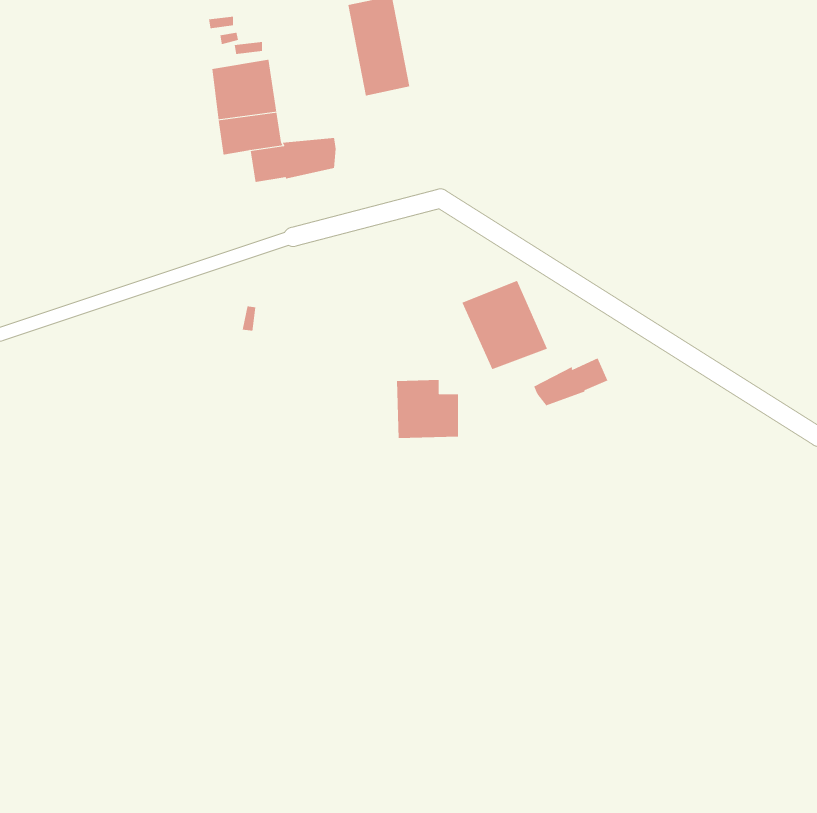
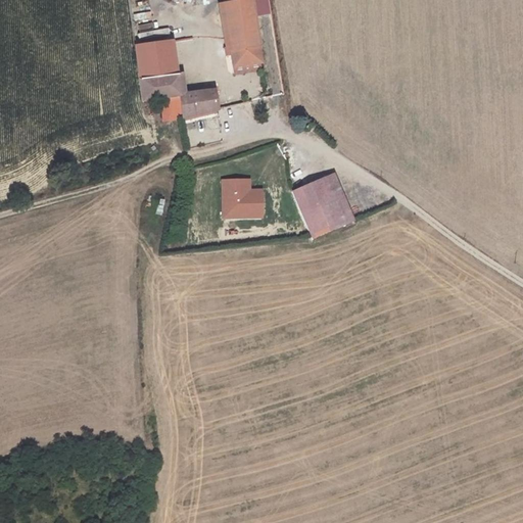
building: [533,358,608,406] -> none
building: [396,379,459,439] -> [223,178,263,216]

